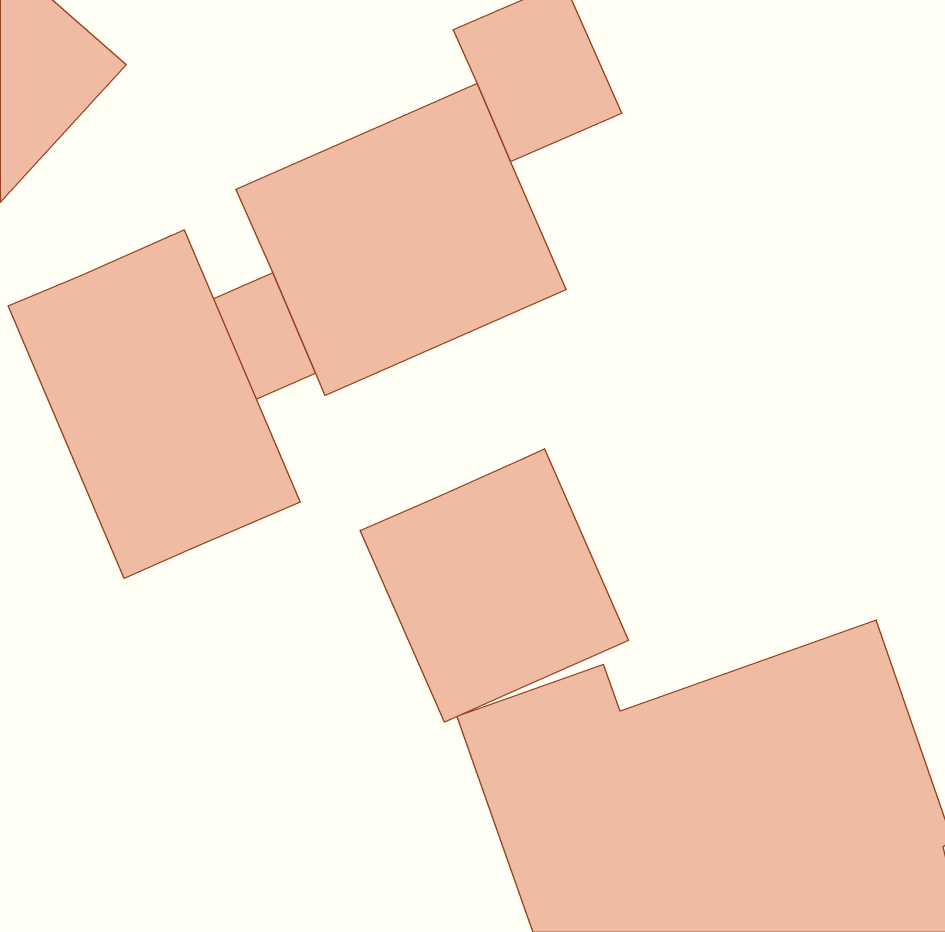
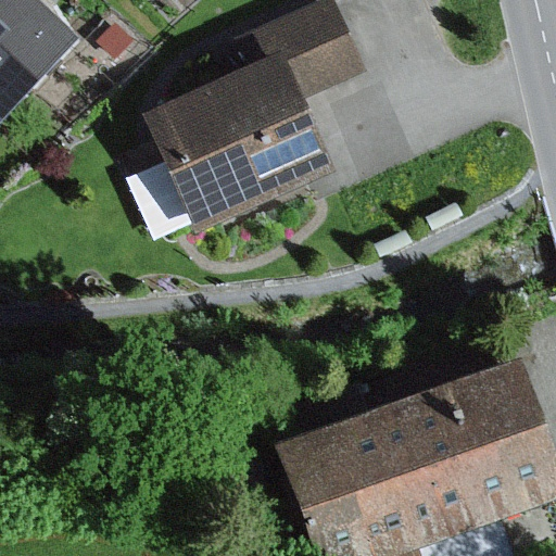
building: [8,230,300,578] -> none
building: [360,449,628,722] -> none

